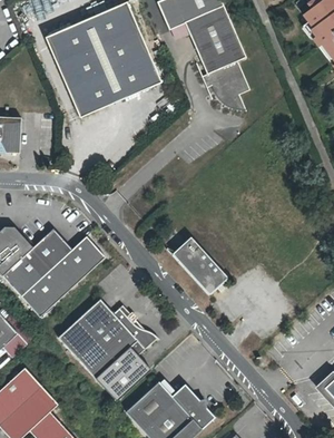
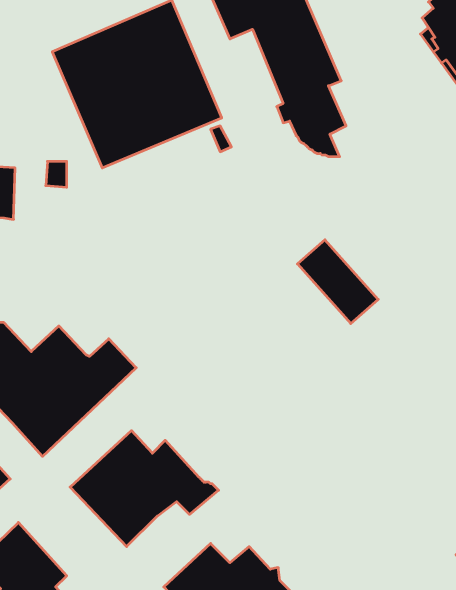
building: [170,236,226,294] -> [297,240,378,324]
building: [99,349,154,402] -> none

